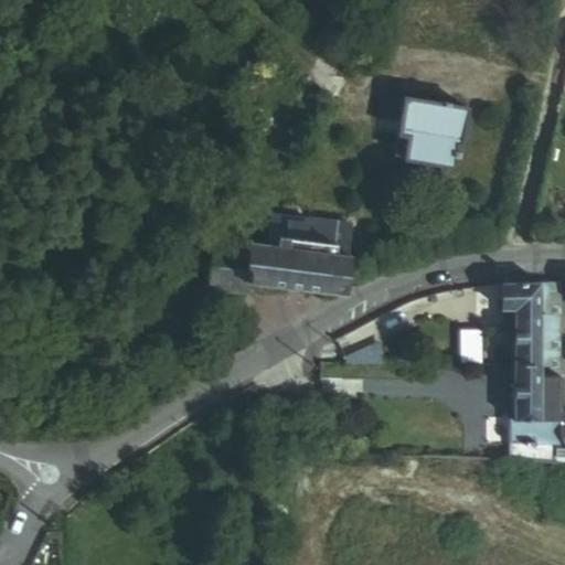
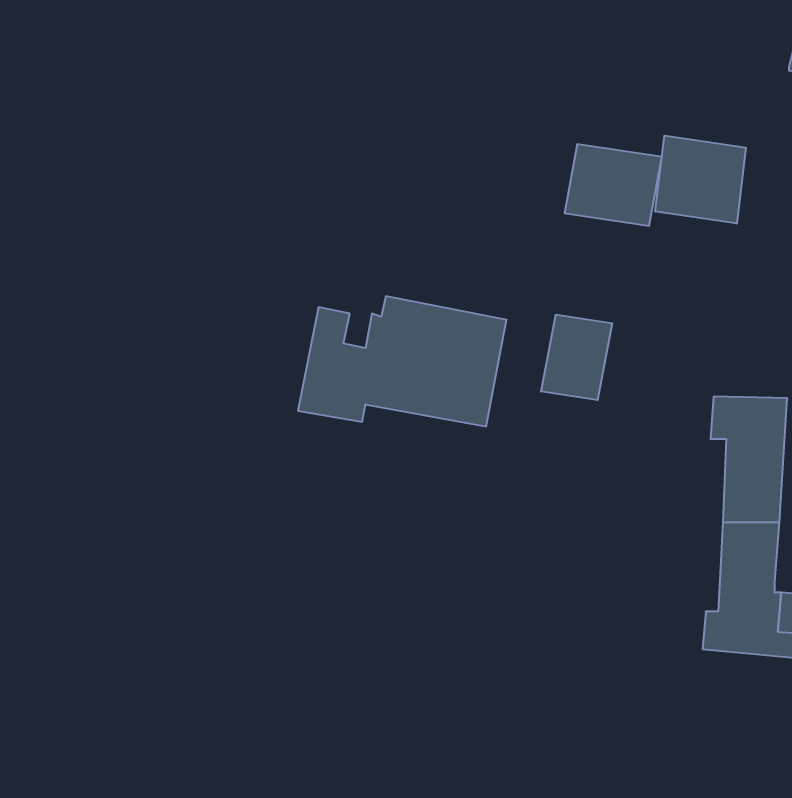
building: none -> [655,136,746,224]
building: none -> [541,315,612,400]

